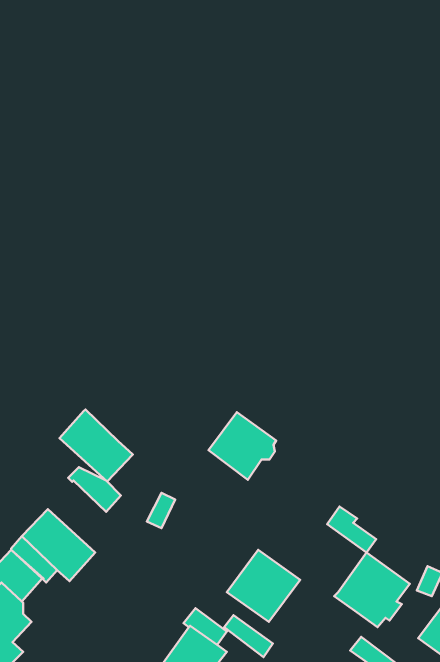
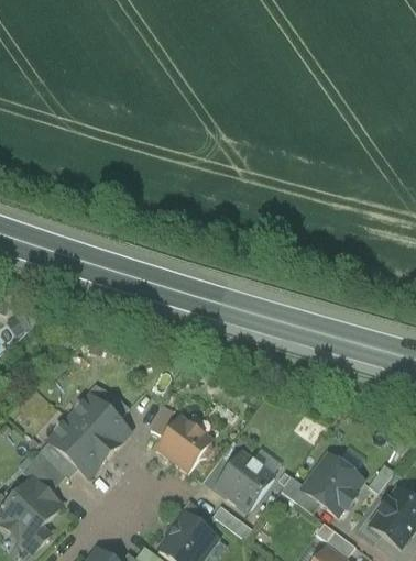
building: [60,410,133,482] -> [68,396,128,454]
building: [208,412,276,480] -> [155,417,210,472]
building: [327,506,376,553] -> [280,476,319,514]

